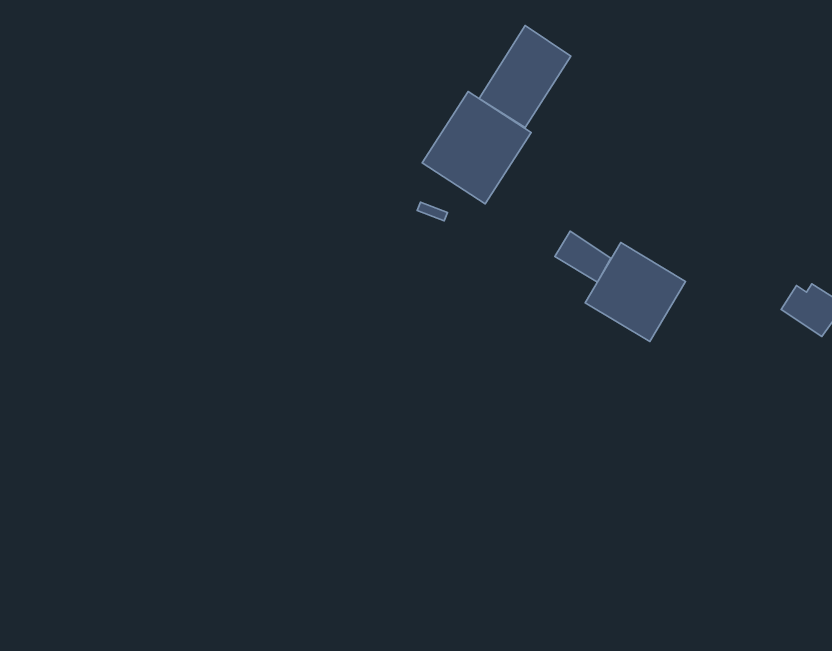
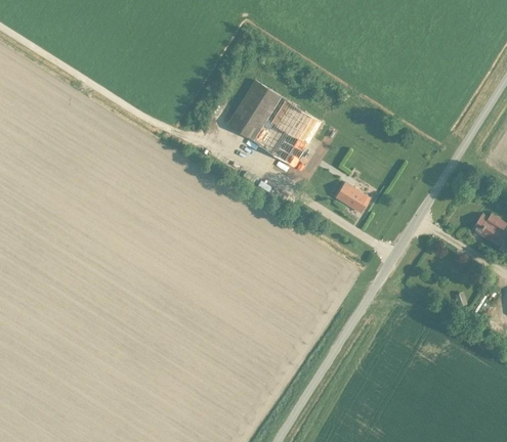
building: [479,25,571,128] -> [228,80,284,141]
building: [585,243,685,342] -> none

